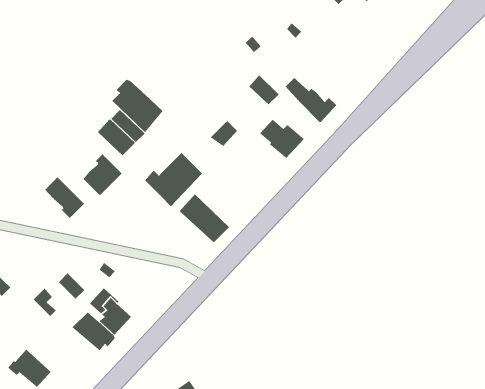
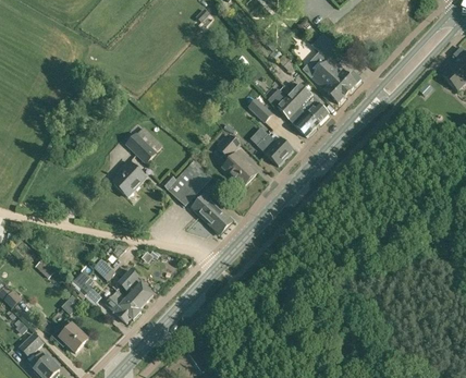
building: none -> [303,51,360,102]
building: none -> [285,84,329,122]
building: [111,79,164,133] -> none
building: none -> [222,153,257,186]
building: [44,176,85,219] -> none

